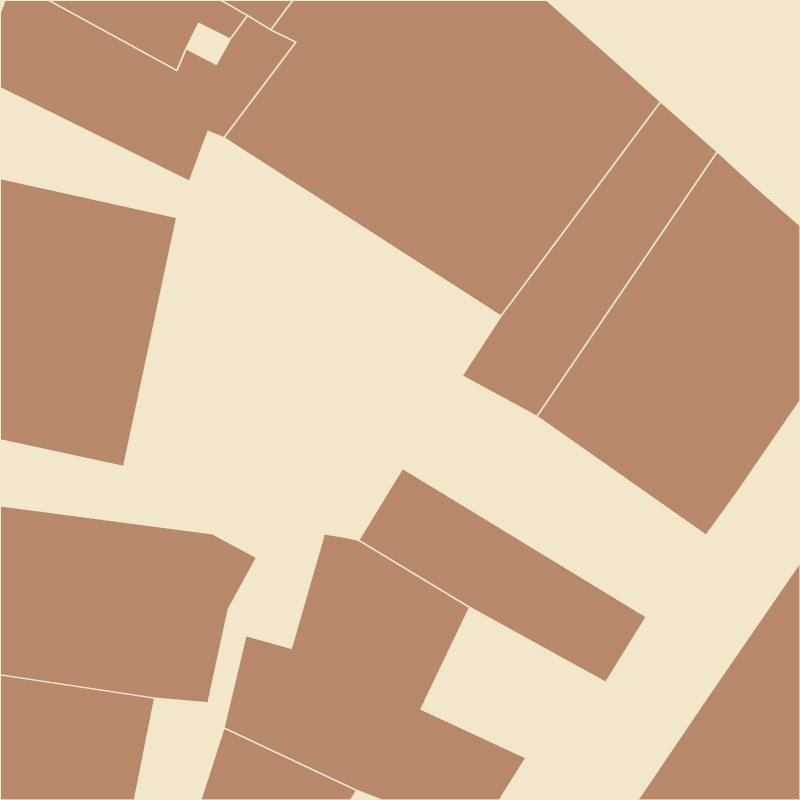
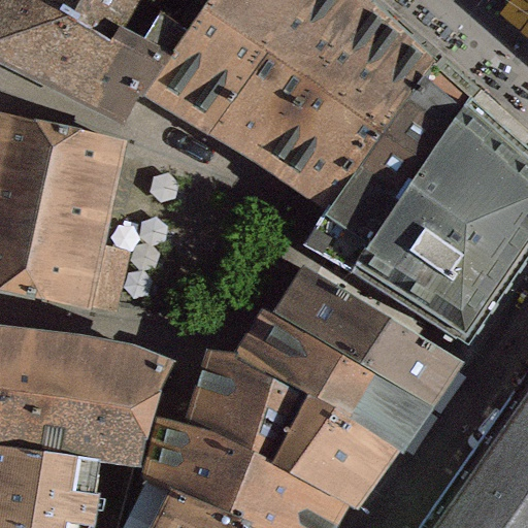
building: none -> [278,271,459,406]
building: none -> [277,400,399,504]

